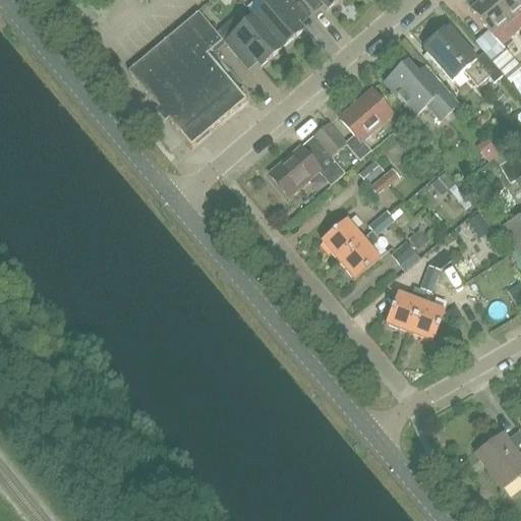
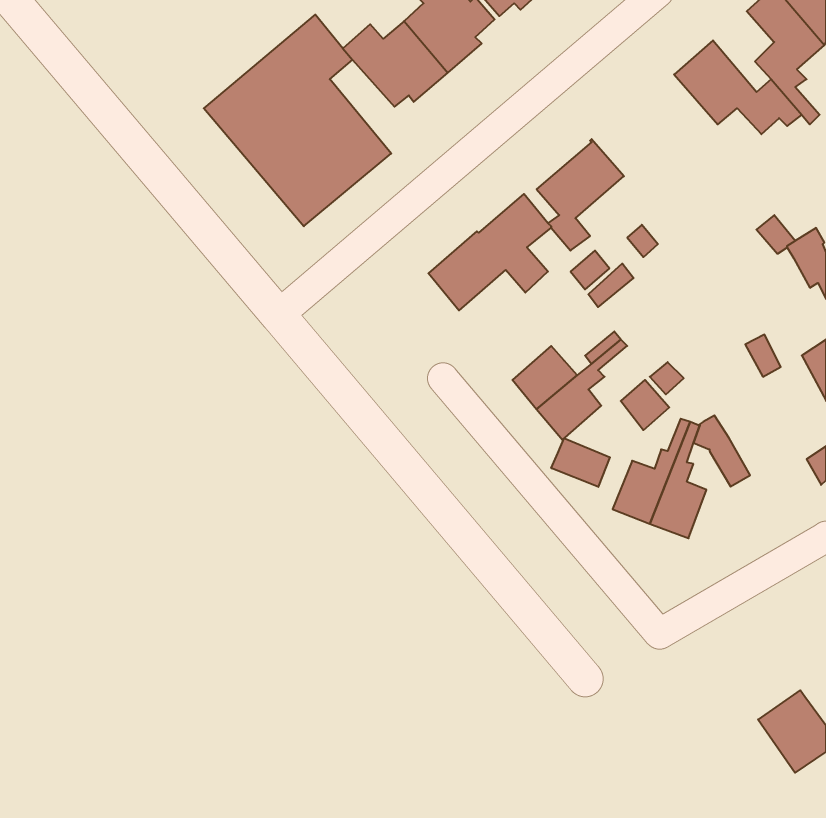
building: [386,62,458,117] -> none
building: none -> [551,438,610,487]

